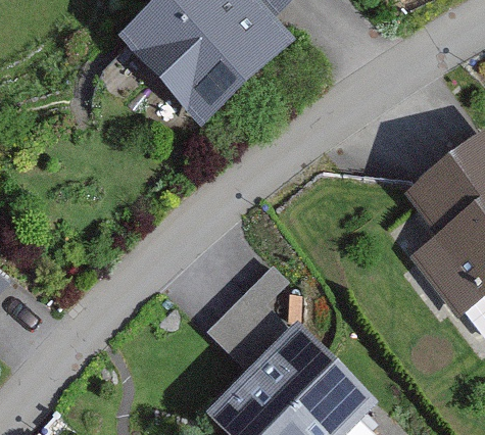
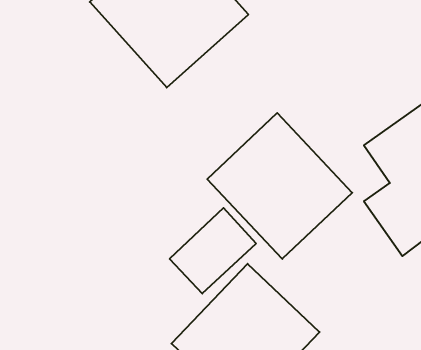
building: none -> [207,113,352,259]

